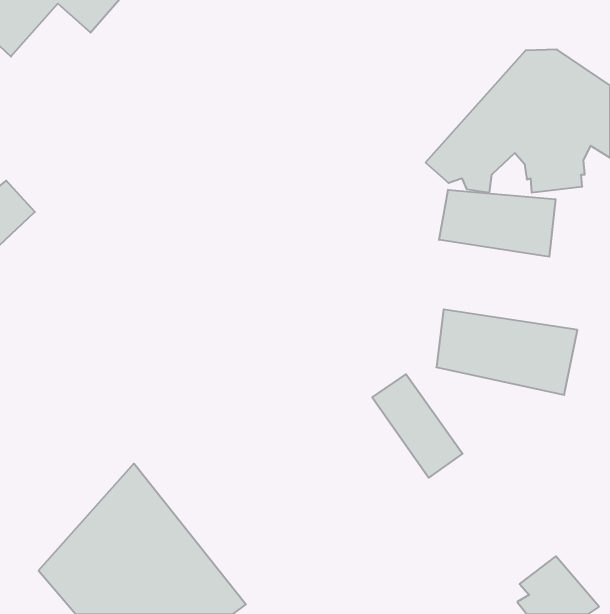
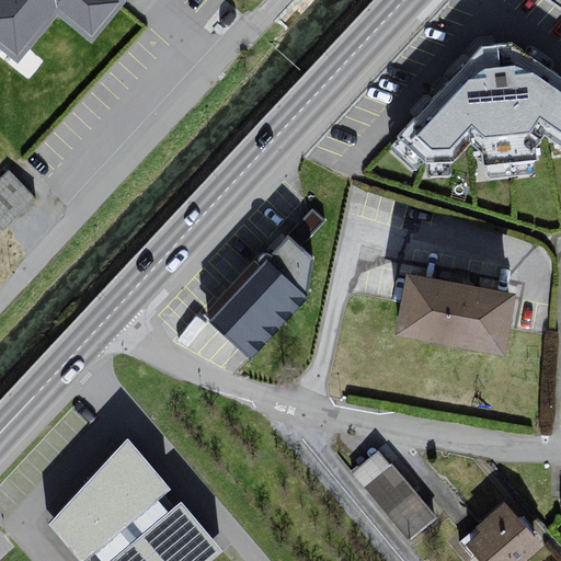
building: [439,190,555,257] -> none
building: none -> [207,245,312,367]
building: [372,374,463,478] -> [348,444,431,538]

